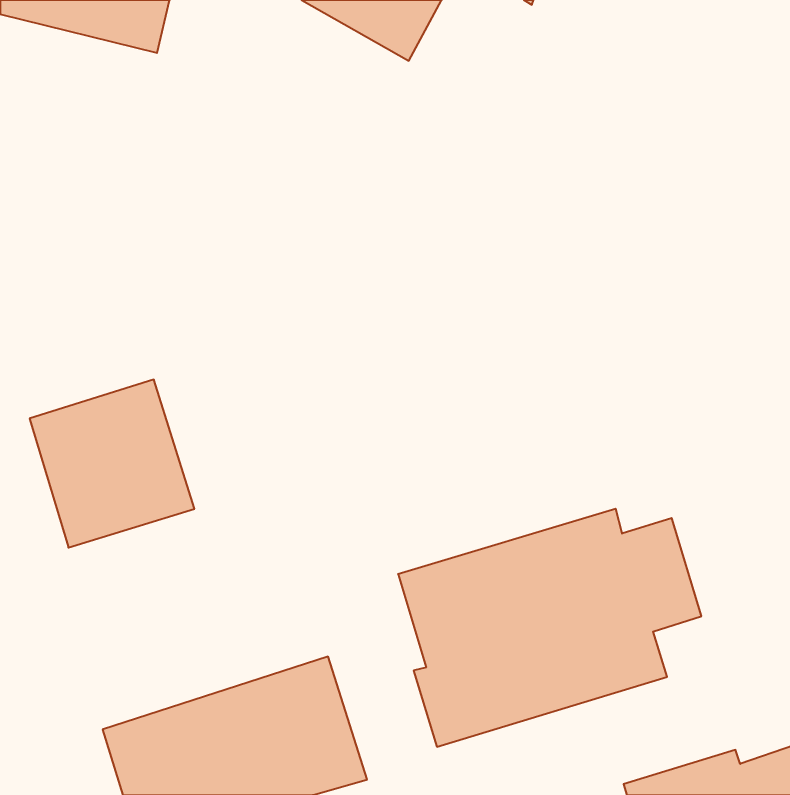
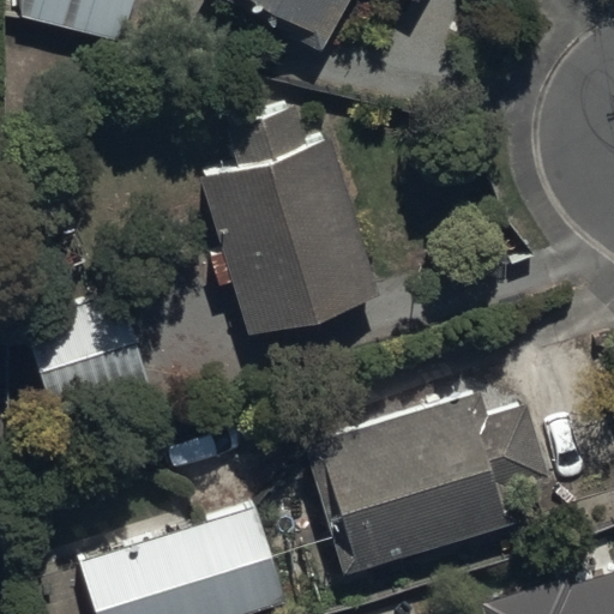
building: none -> [203,100,379,333]

